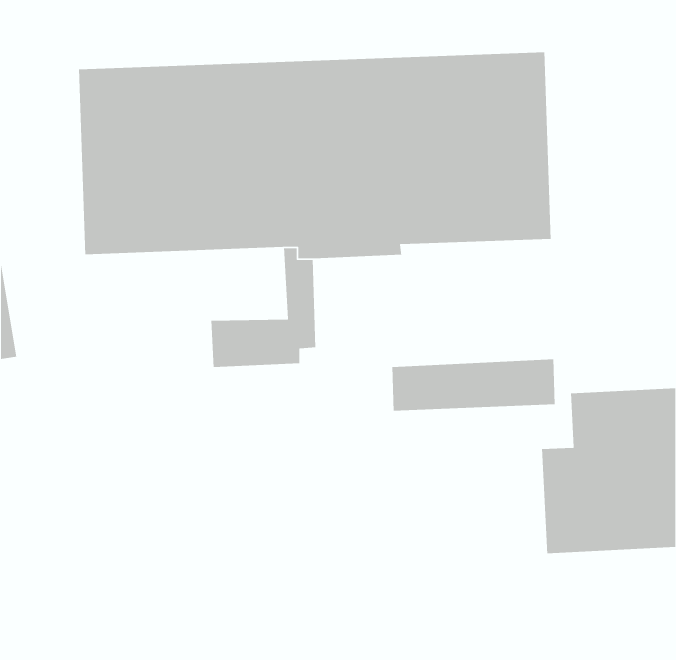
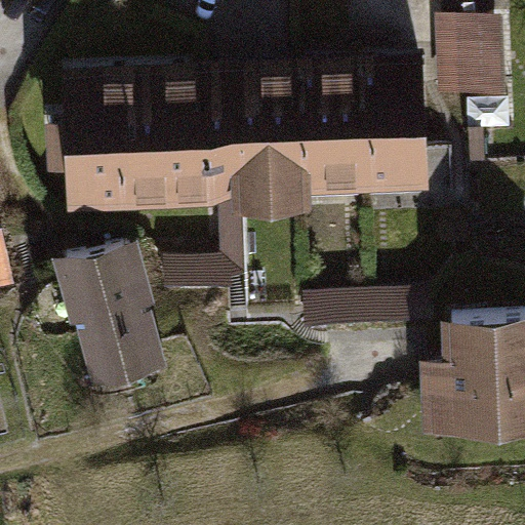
building: none -> [436,16,507,99]
building: none -> [51,239,167,394]

